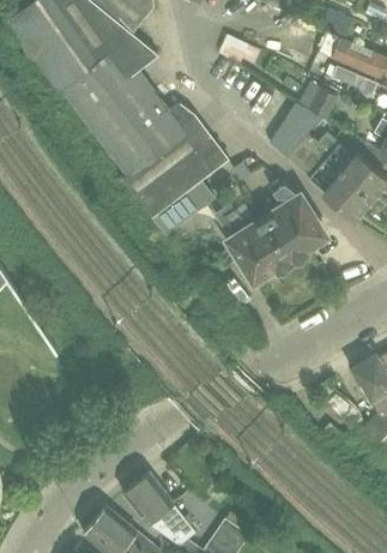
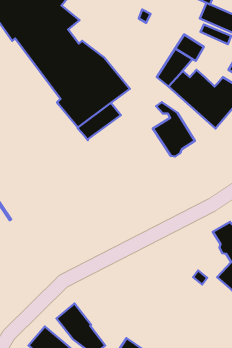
building: [223,210,289,281] -> none

